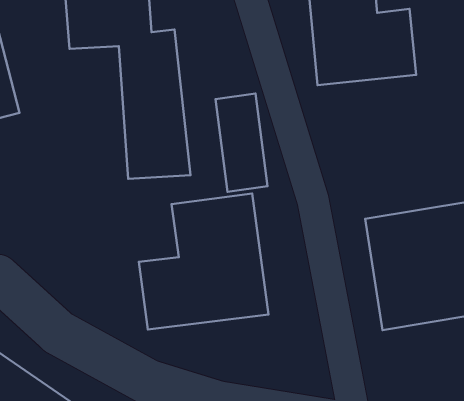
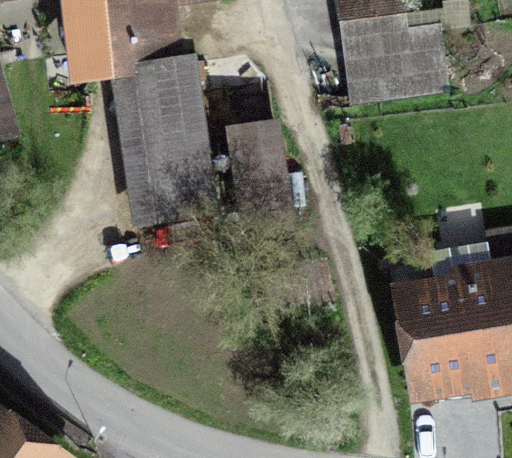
building: [139,194,268,330] -> none

